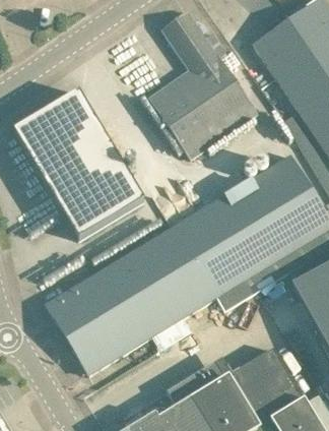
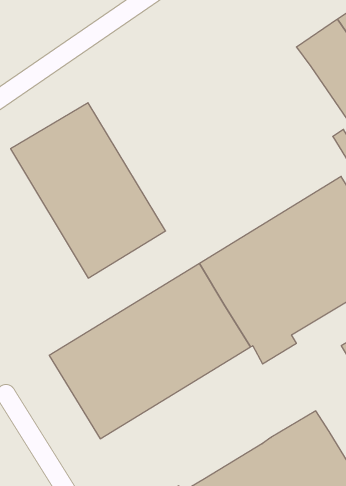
building: [148,10,257,158] -> none

